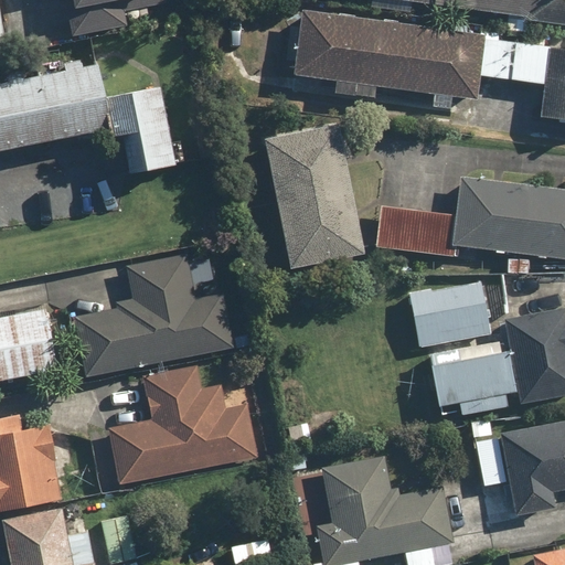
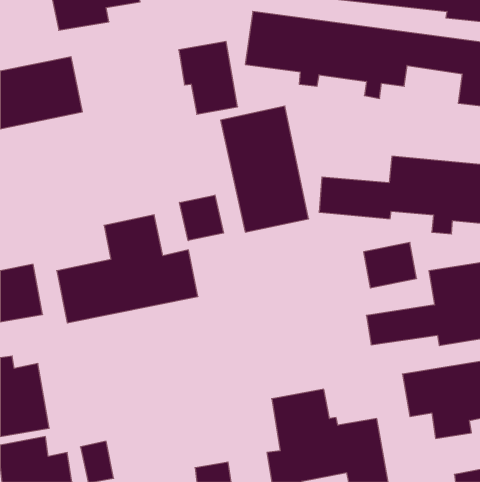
building: [104,90,172,175] -> [179,41,238,114]
building: none -> [180,195,224,241]
building: [109,366,256,482] -> none

